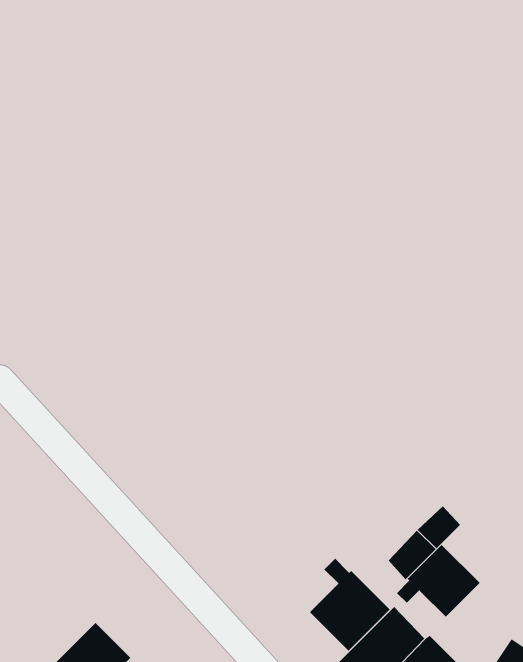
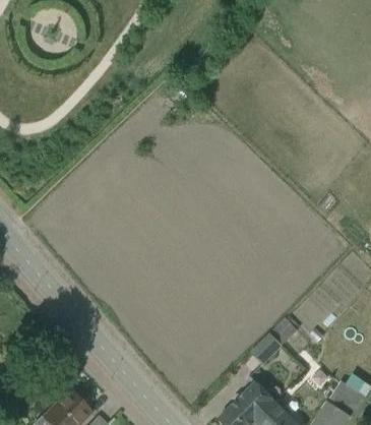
building: [396,544,481,618] -> none
building: [309,558,391,652] -> none

